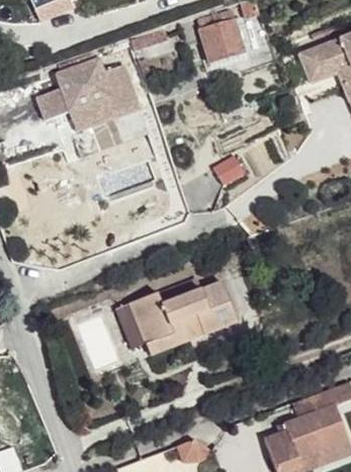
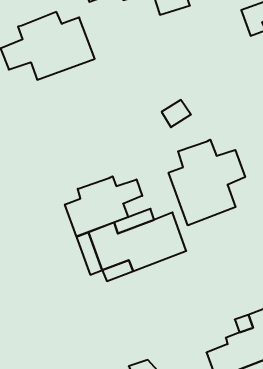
building: none -> [169,140,245,225]
building: none -> [65,176,142,237]

